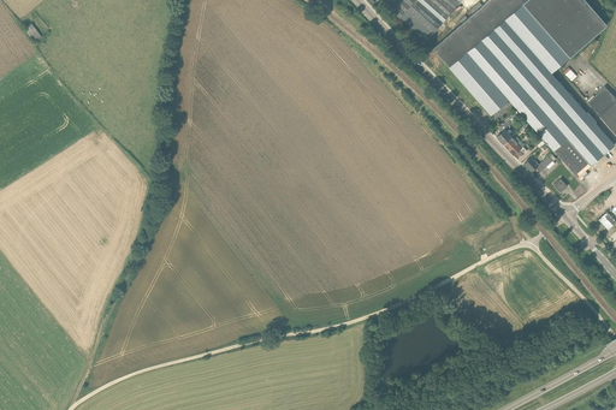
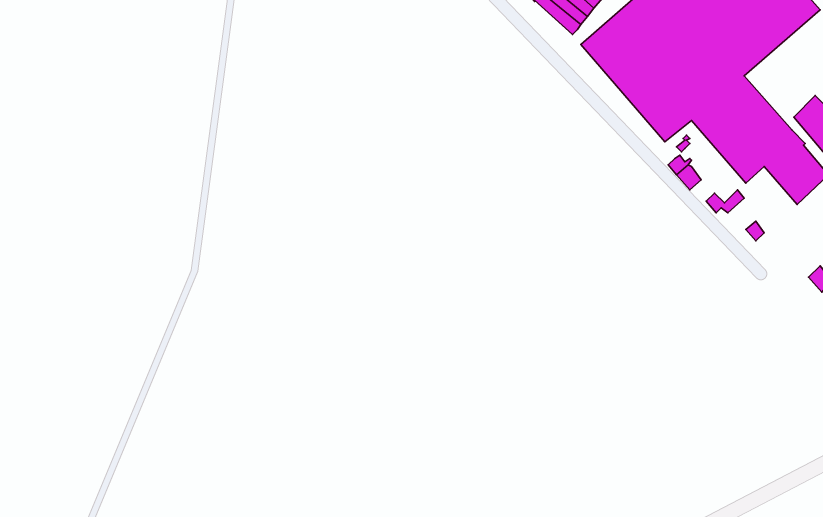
building: [555,138,592,180] -> none

